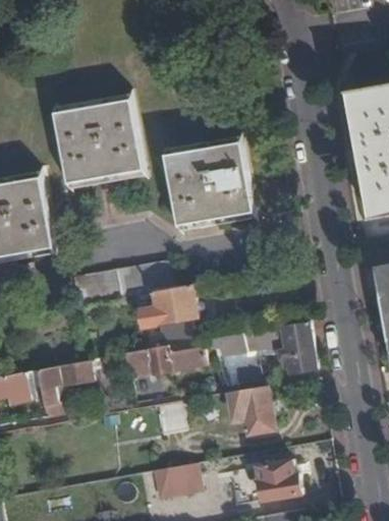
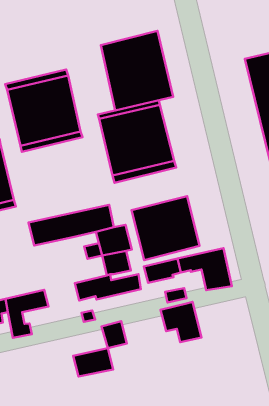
building: none -> [101,31,173,110]
building: none -> [132,196,199,260]
building: [255,459,300,502] -> none
building: [147,464,194,497] -> [73,348,113,377]

